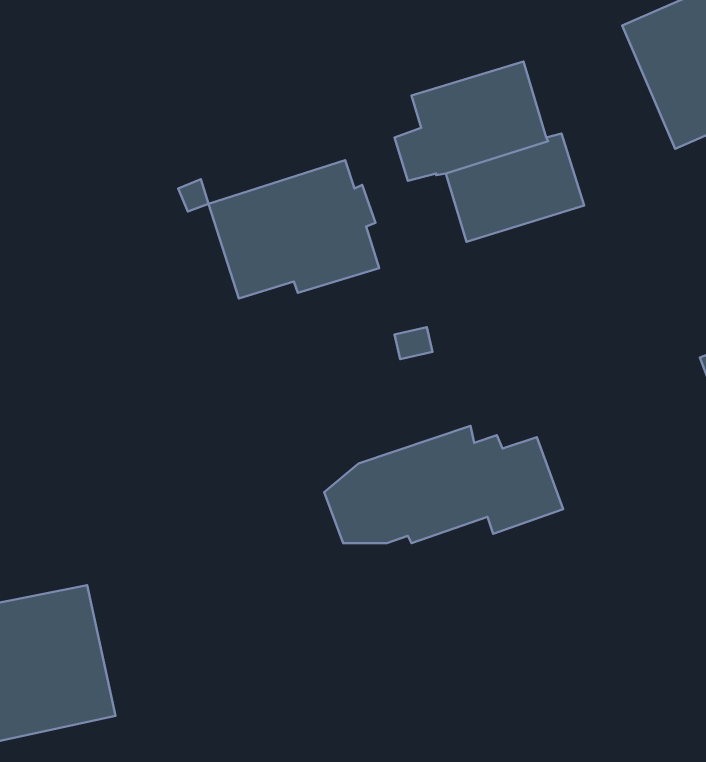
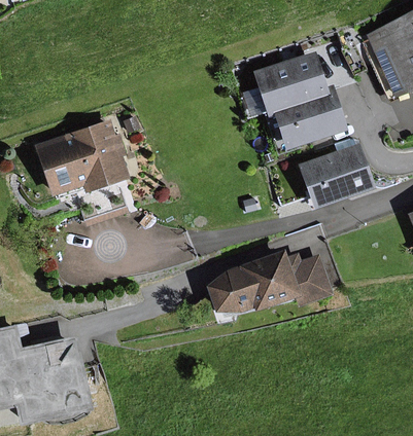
building: [209,160,379,299] -> [35,120,128,195]
building: none -> [298,138,375,209]

